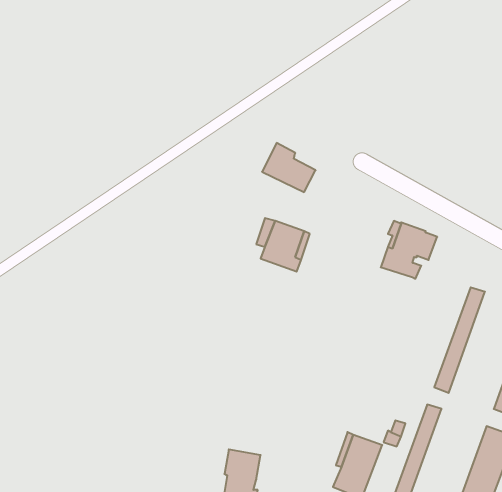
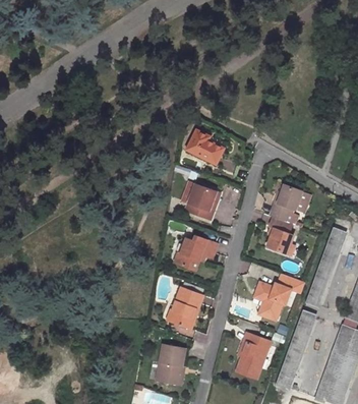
building: none -> [266,217,293,253]
building: none -> [174,235,218,270]
building: none -> [252,273,305,321]
building: none -> [171,282,203,328]

